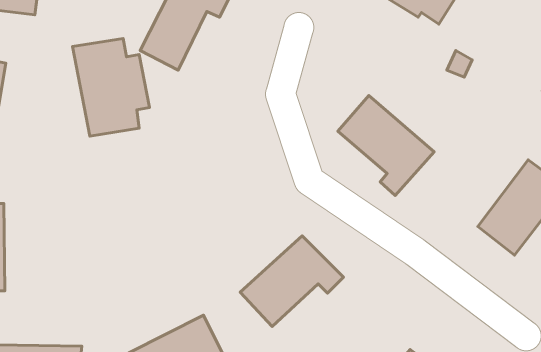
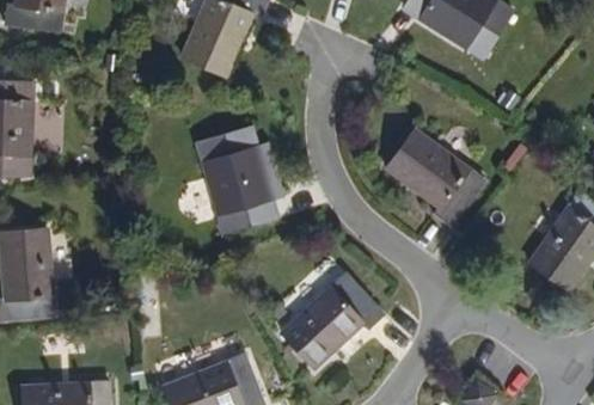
building: [73,38,149,136] -> [201,135,281,237]

